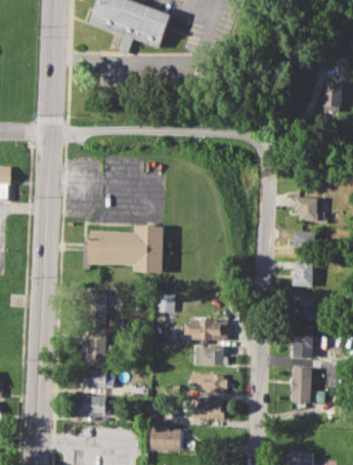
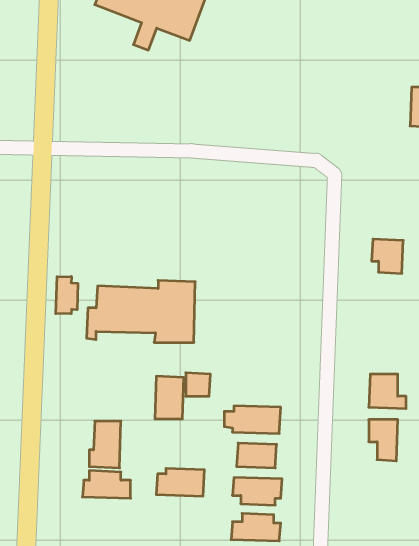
building: none -> [56,276,78,314]
building: [294,231,316,251] -> none
building: [293,259,312,287] -> none
building: [87,292,108,324] -> [155,376,184,419]
building: [290,368,311,404] -> none
building: [77,396,113,417] -> [156,468,204,496]

